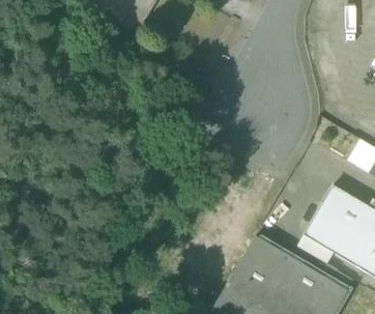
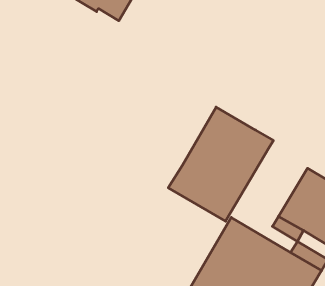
building: none -> [168,107,273,221]

